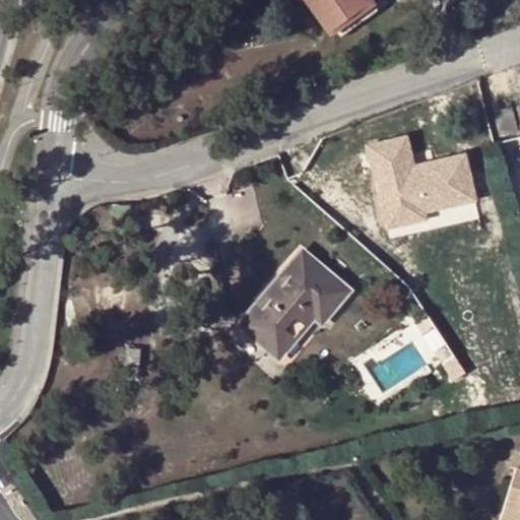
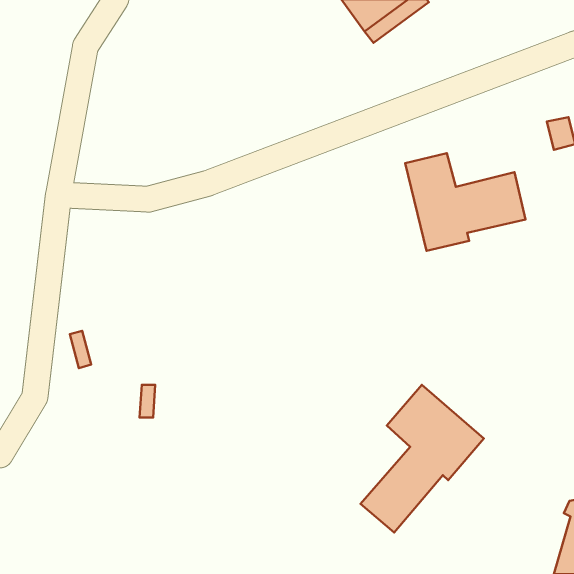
building: [244,250,349,354] -> none
building: none -> [361,385,484,533]

